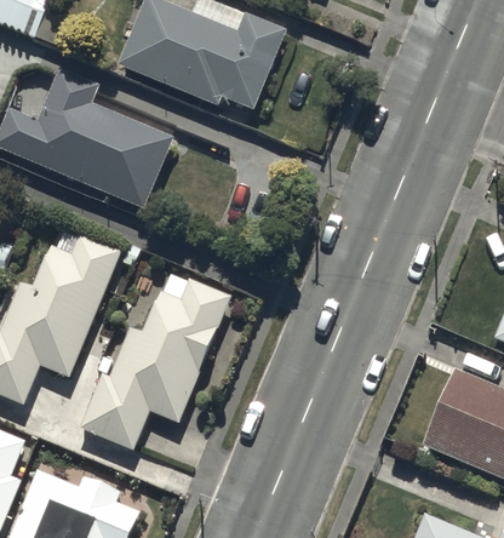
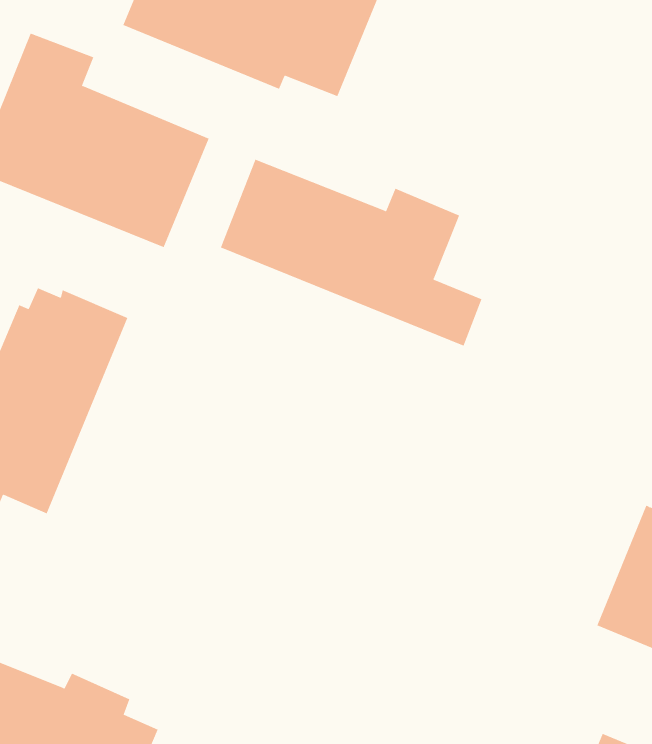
building: none -> [220,159,482,347]
building: [78,271,231,448] -> none

